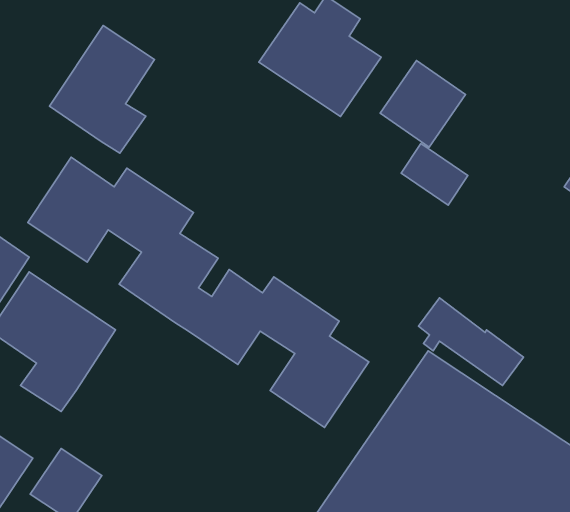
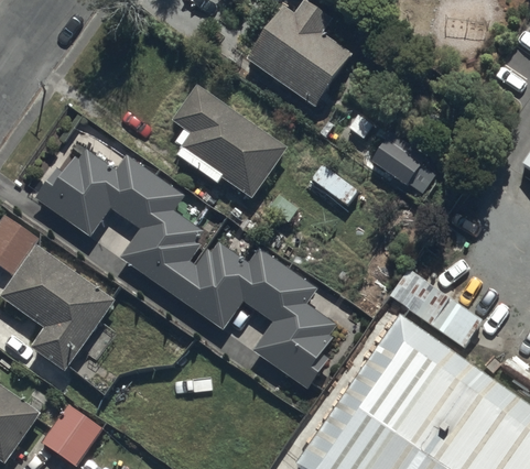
building: [50,25,154,153] -> none
building: [380,60,466,147] -> none
building: none -> [173,86,290,203]

